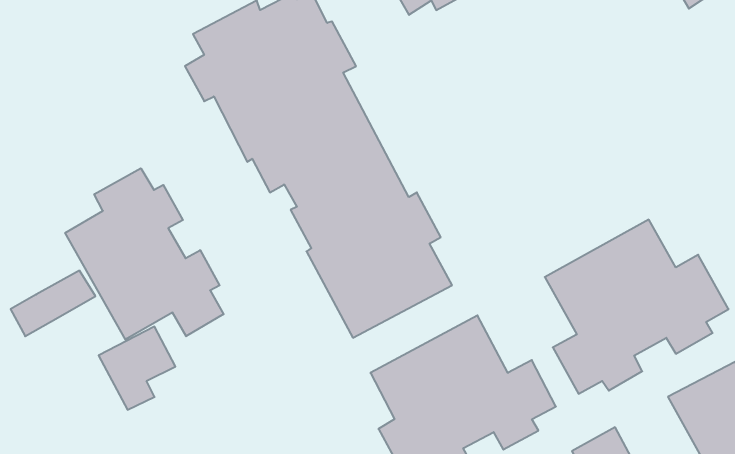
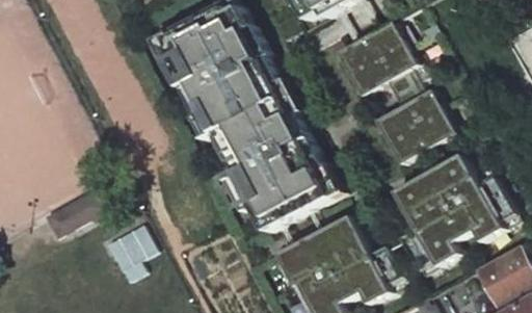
building: none -> [336,22,454,164]
building: [65,168,224,340] -> none

